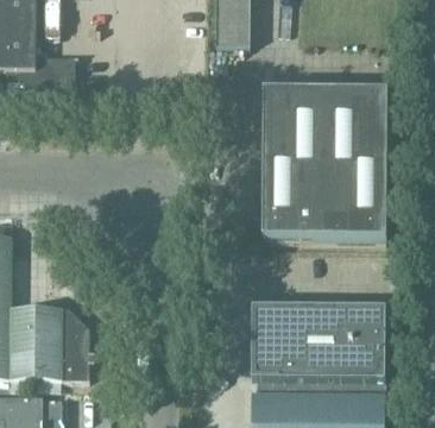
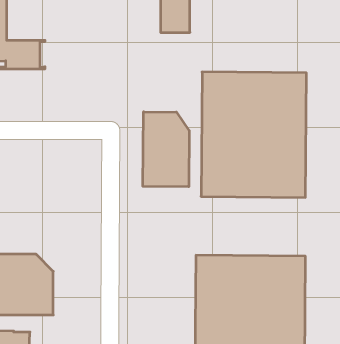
building: none -> [143,112,189,187]

